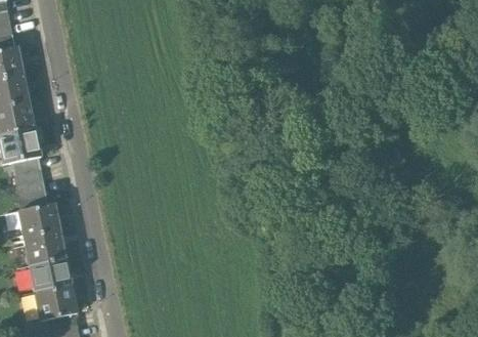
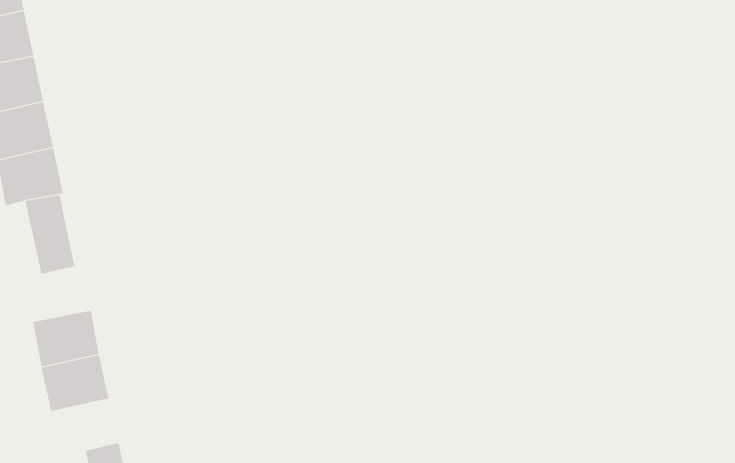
building: [15,202,58,237] -> none
building: [33,285,76,321] -> none

